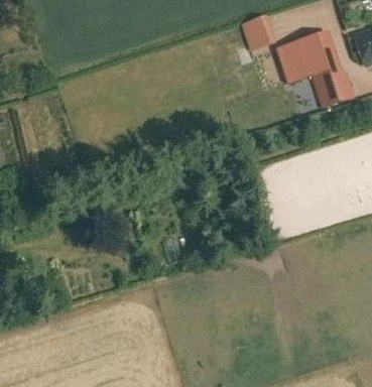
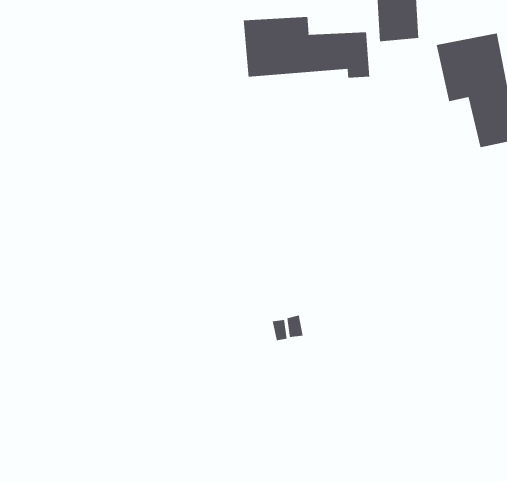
building: none -> [243,16,370,78]

